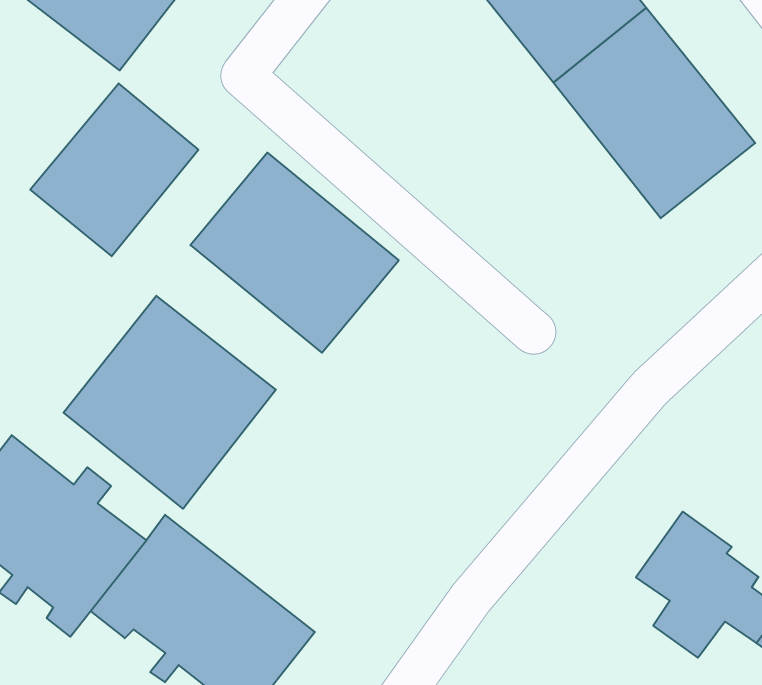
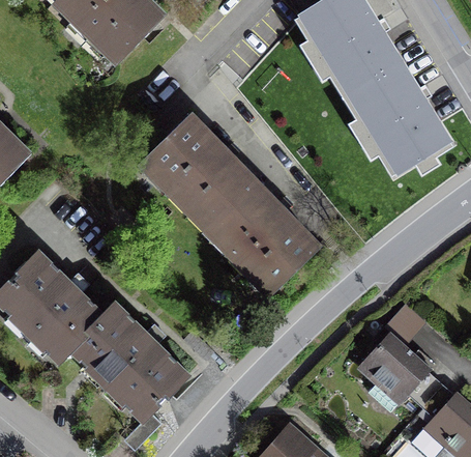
building: [30,83,198,256] -> none
building: none -> [208,181,317,290]
building: [64,296,276,509] -> none

